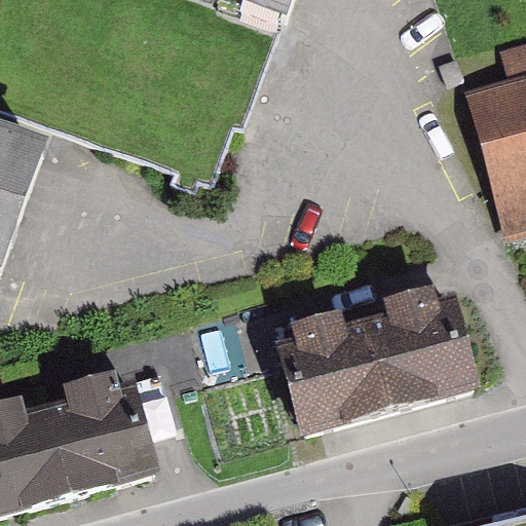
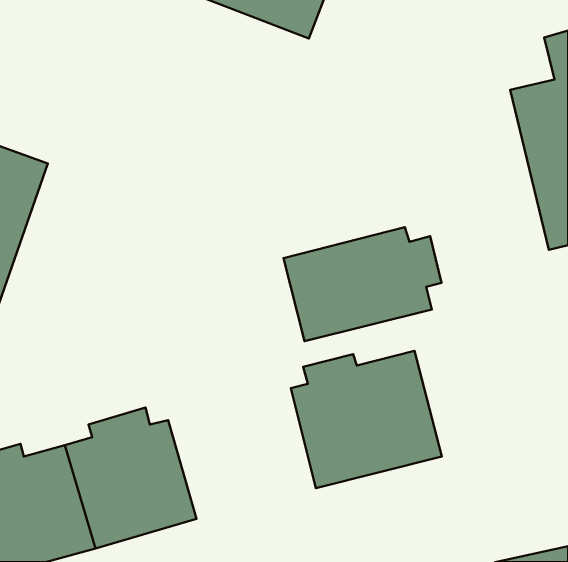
building: none -> [284,227,442,341]
building: [375,292,500,413] -> none

